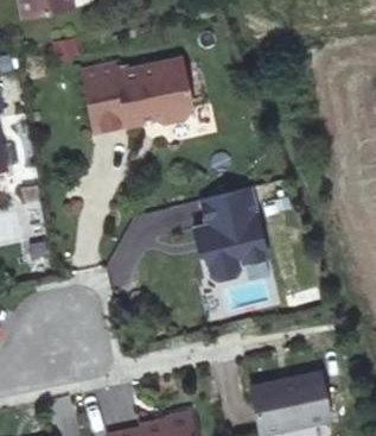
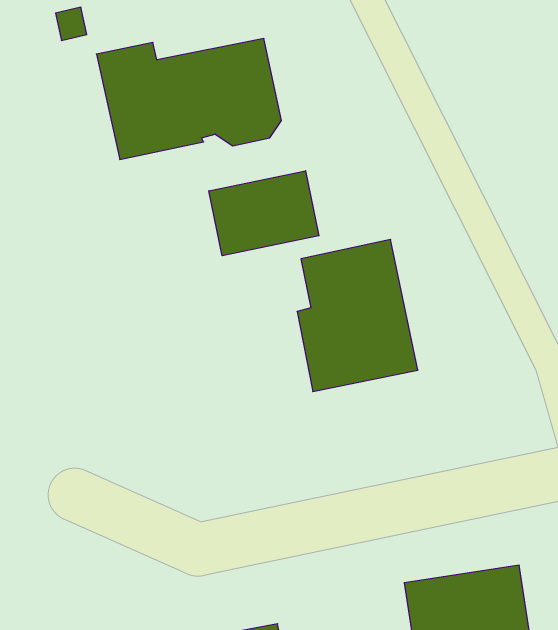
building: none -> [209,171,319,256]

